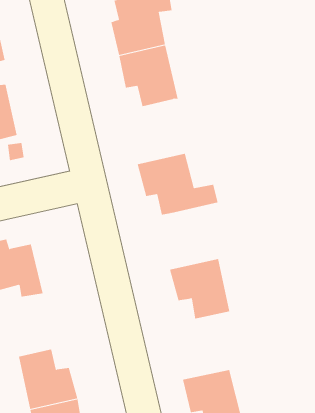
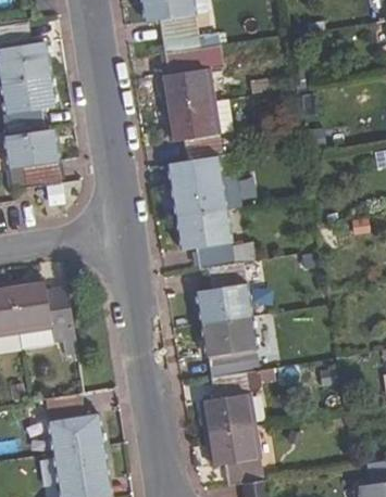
building: none -> [170,155,226,217]
building: none -> [198,260,258,323]
building: none -> [202,369,263,433]

